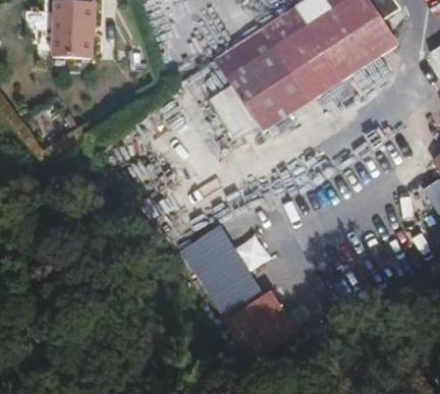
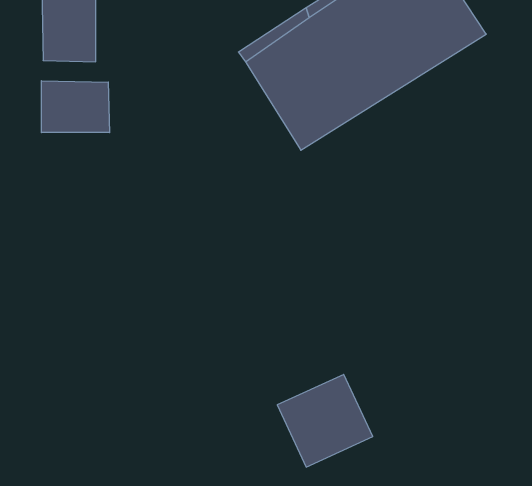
building: none -> [41,81,110,133]
building: [184,233,256,317] -> none

